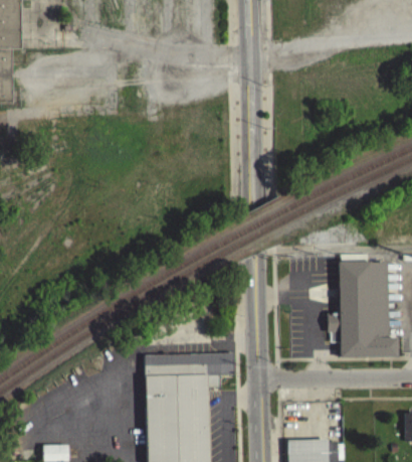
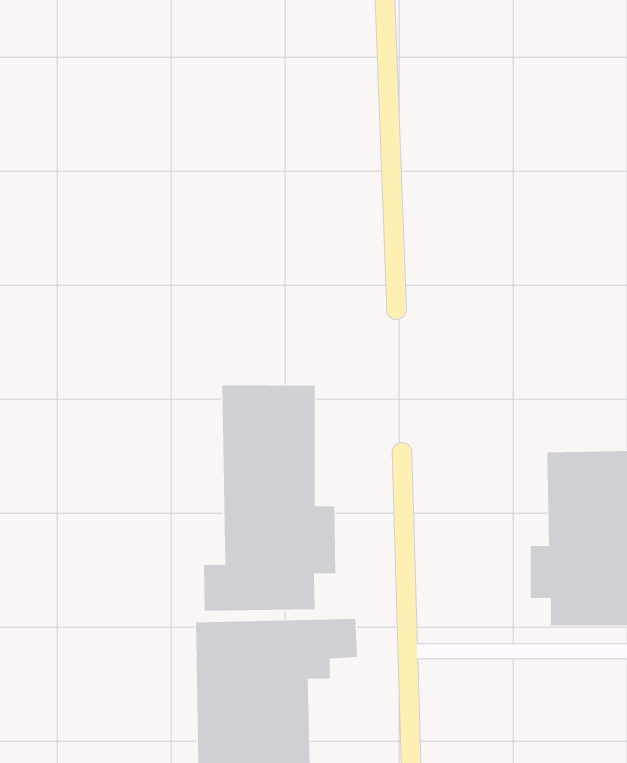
building: none -> [203,385,336,612]

